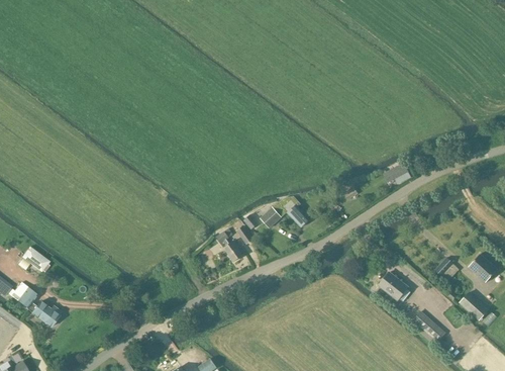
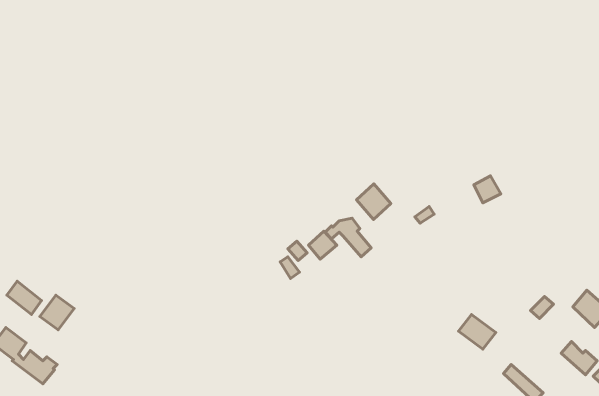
building: none -> [356,184,391,219]
building: [216,229,243,263] -> none
building: none -> [40,295,74,330]

